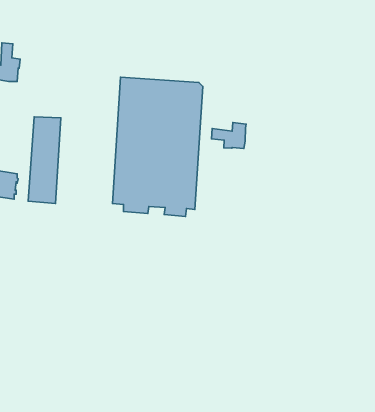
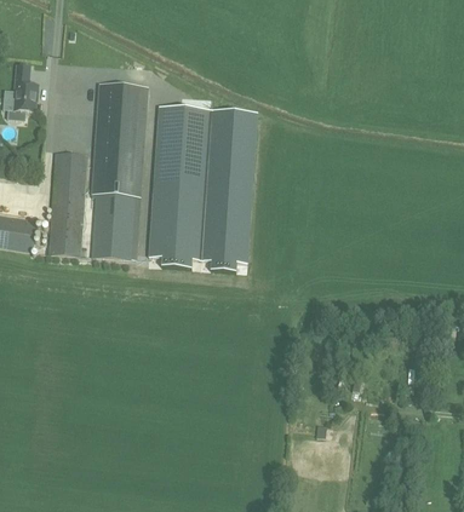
building: none -> [91,84,148,258]
building: [211,123,246,149] -> none

